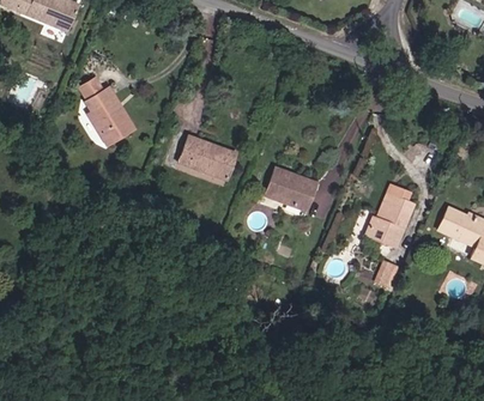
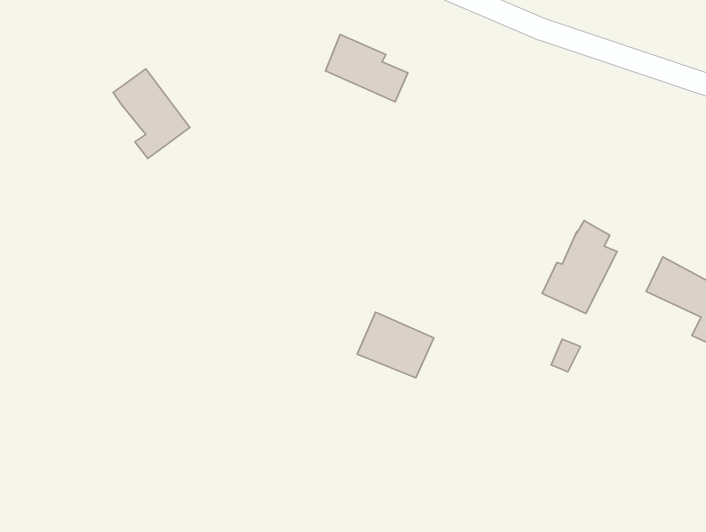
building: [181,136,235,181] -> [326,34,408,102]
building: [262,169,313,212] -> [357,312,434,378]

